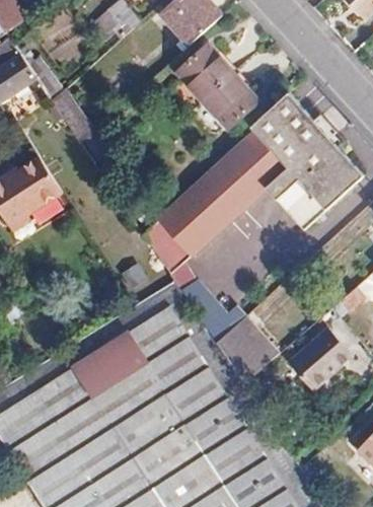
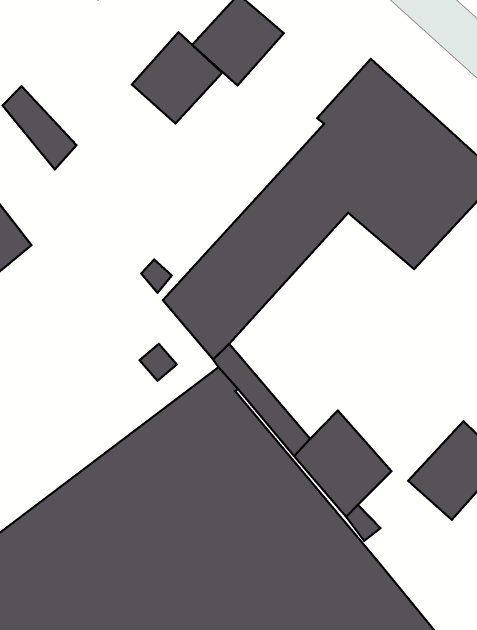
building: [202,73,259,131] -> [132,32,222,124]

